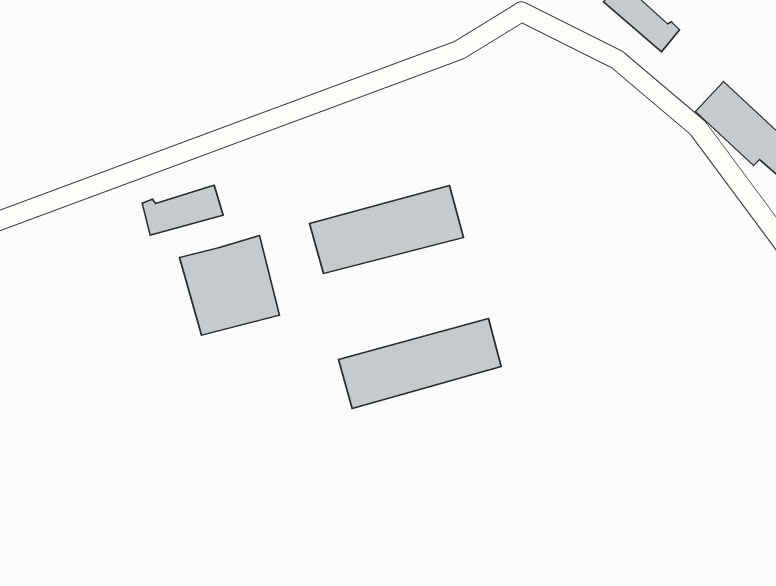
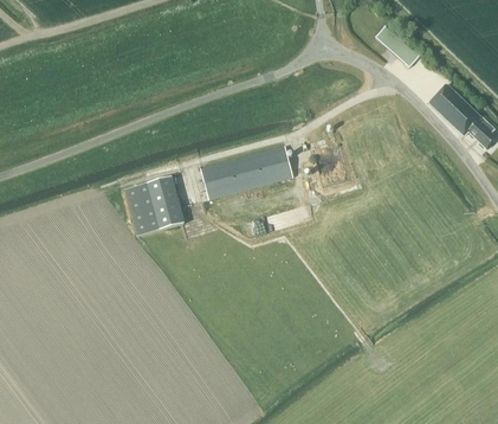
building: [142,185,223,235] -> none
building: [338,319,501,409] -> none

